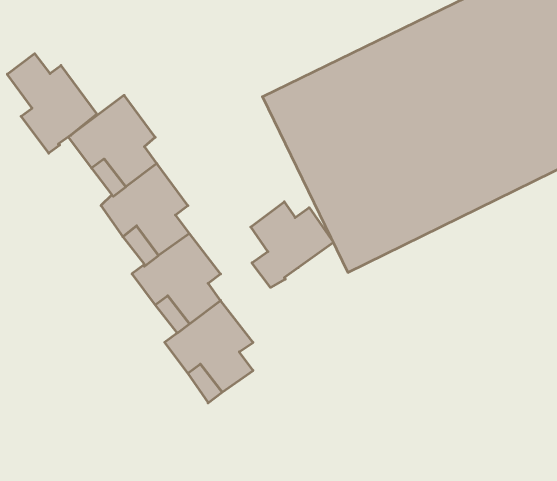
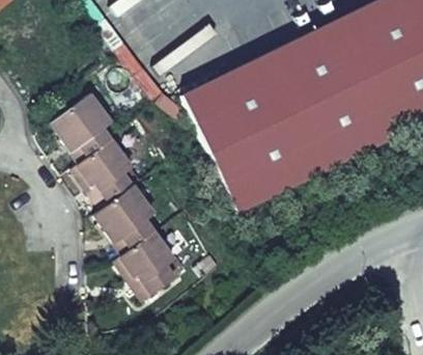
building: [7,54,97,153] -> none
building: [251,202,333,287] -> none

